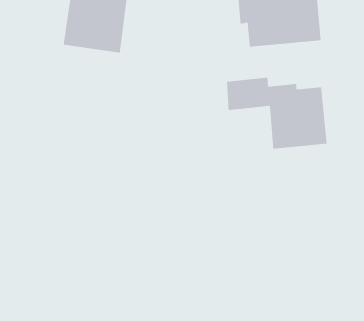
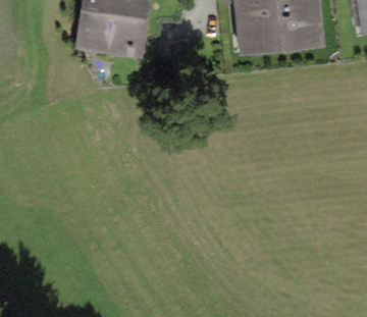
building: [227,77,327,150] -> none

